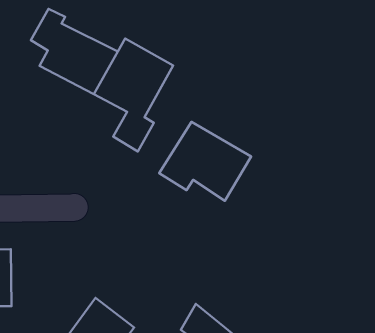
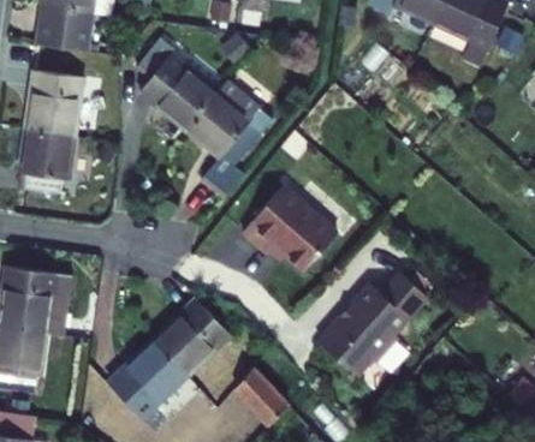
building: none -> [319,269,427,375]
building: none -> [153,303,230,381]

